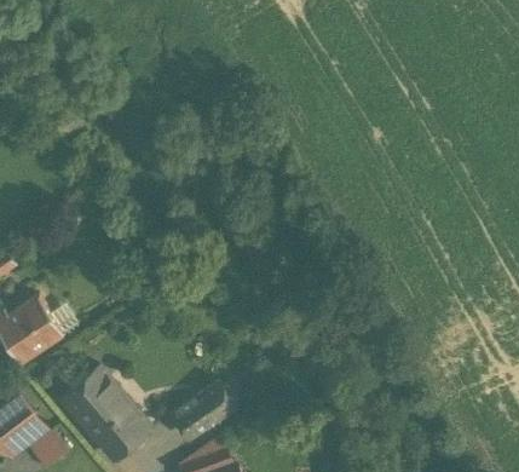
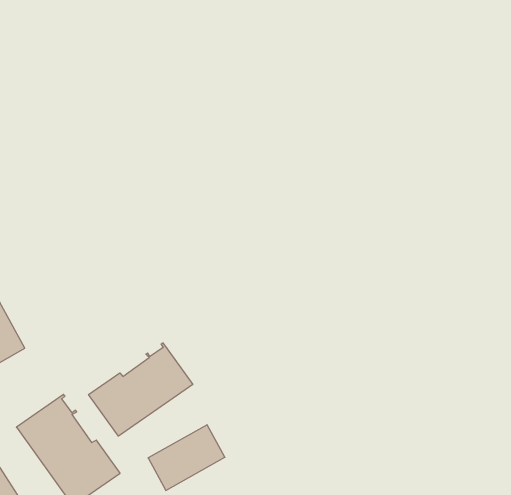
building: none -> [89,343,193,436]

